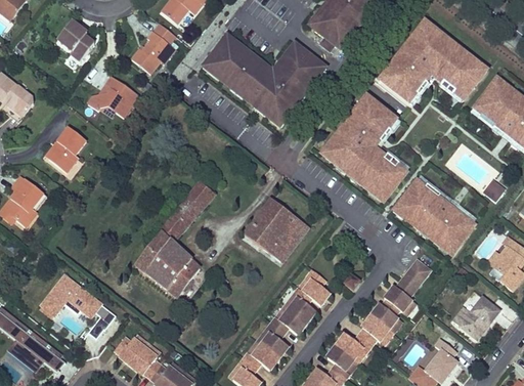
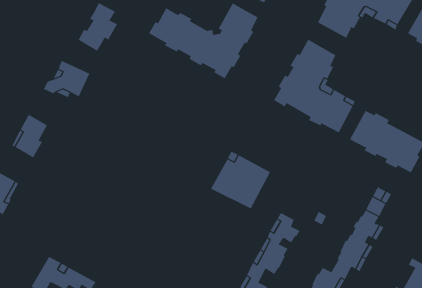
building: [57,20,94,60] -> none
building: [135,181,215,297] -> none

